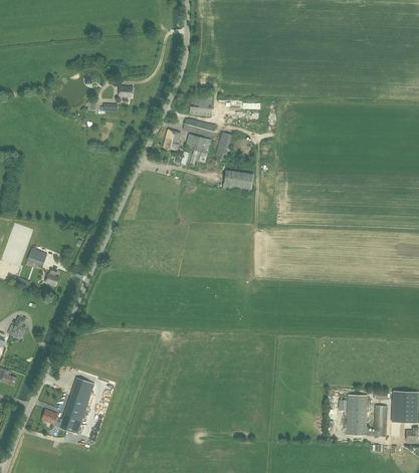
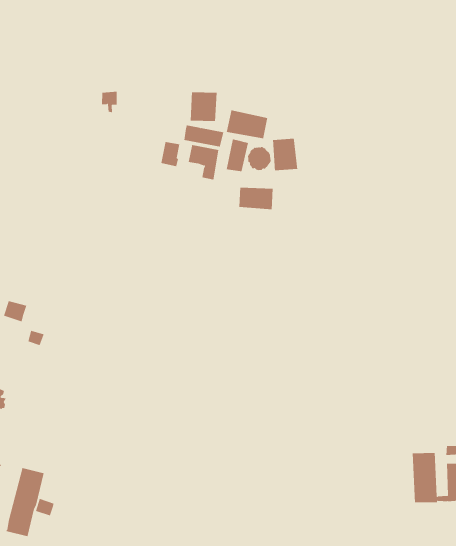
building: none -> [226,109,268,139]
building: none -> [272,138,298,171]
building: [59,377,94,433] -> [5,467,45,537]

